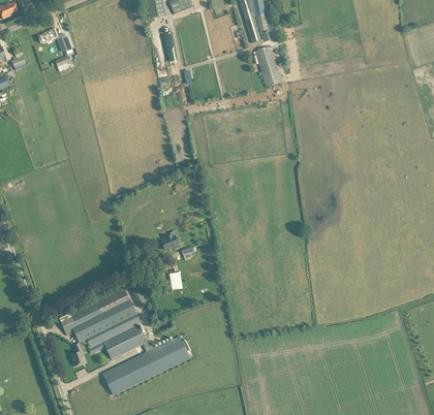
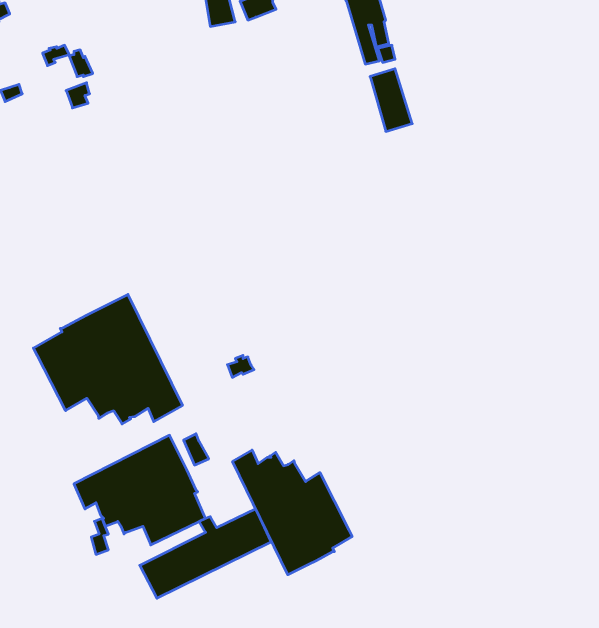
building: none -> [33,294,182,424]
building: none -> [233,450,352,575]

